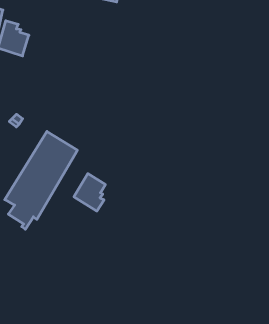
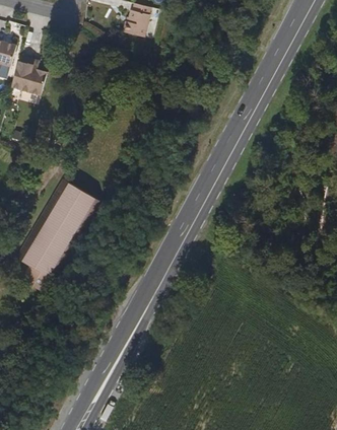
building: [74,174,105,211] -> none

